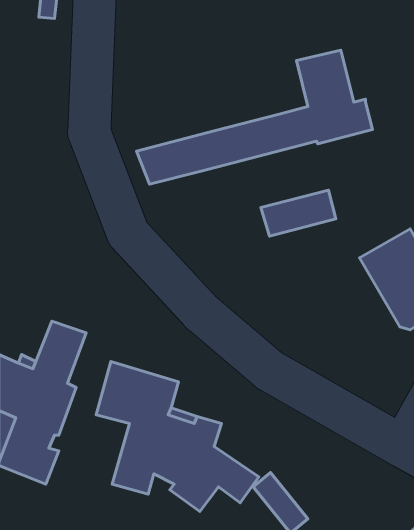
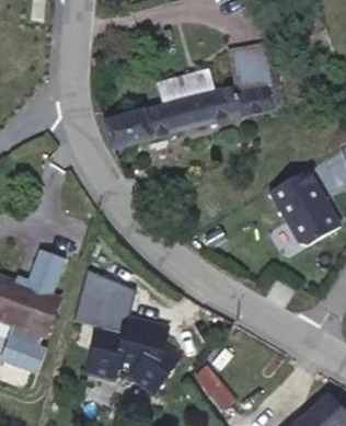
building: [261,190,336,236] -> [157,69,214,104]

